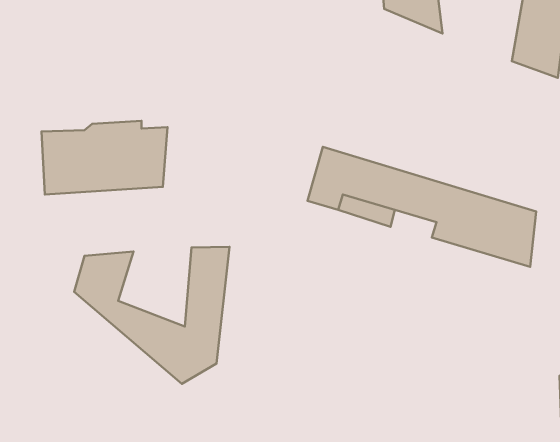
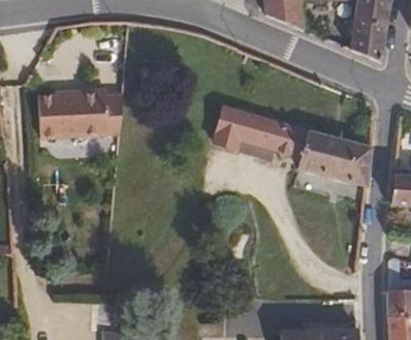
building: [74,247,230,384] -> none

